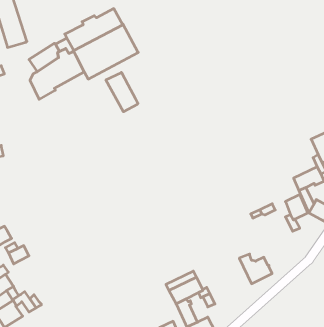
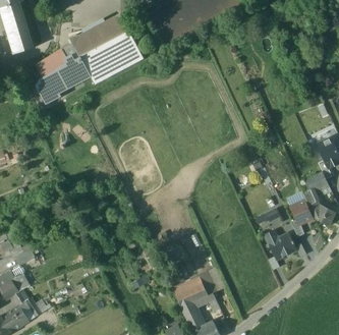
building: [106,72,138,112] -> none
building: [239,254,272,284] -> [264,230,296,260]

